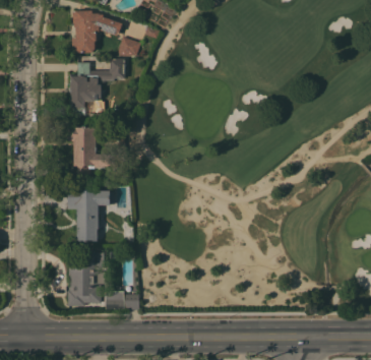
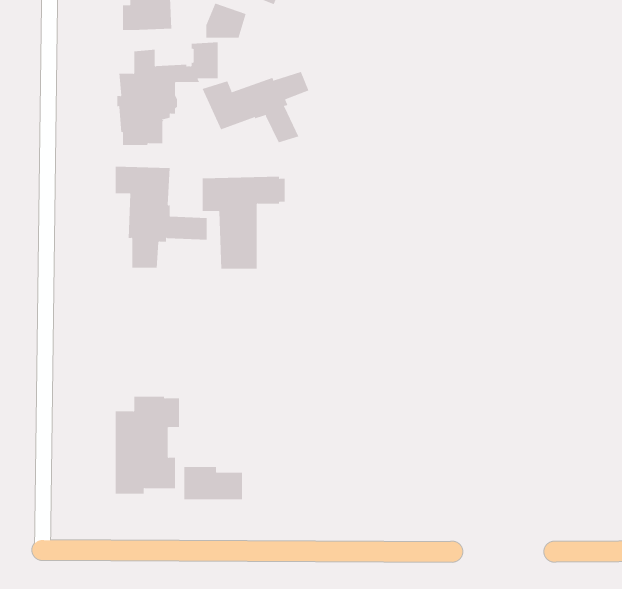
building: none -> [202,71,309,143]
building: [67,190,113,241] -> [202,176,285,269]

